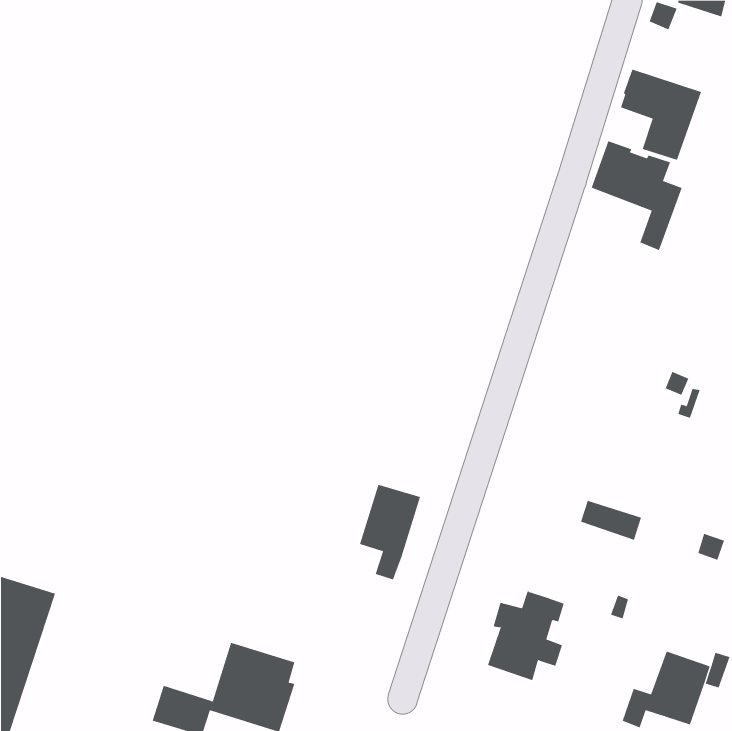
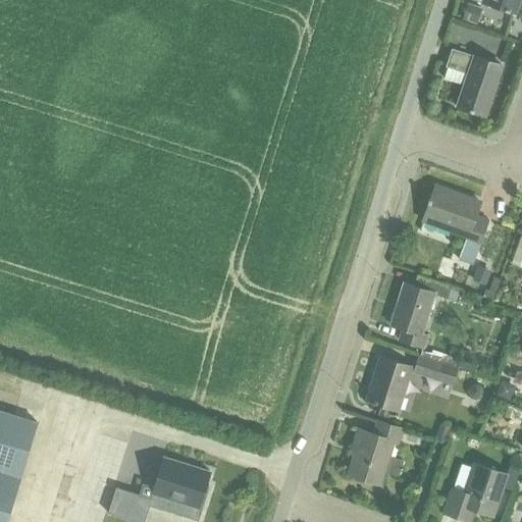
building: [591,141,682,251] -> [422,187,487,265]
building: none -> [388,274,462,348]
building: [359,484,421,580] -> [366,358,410,426]

